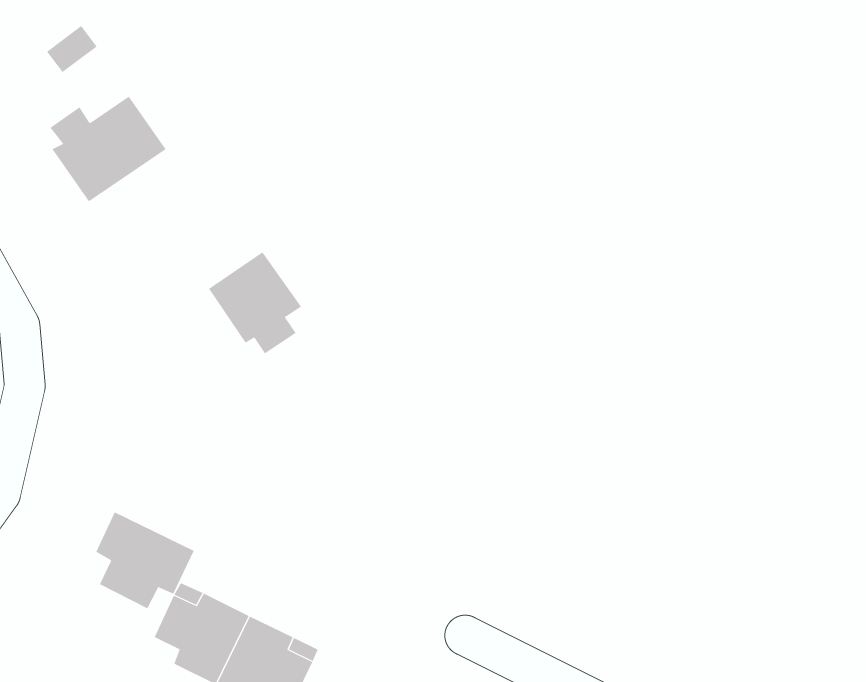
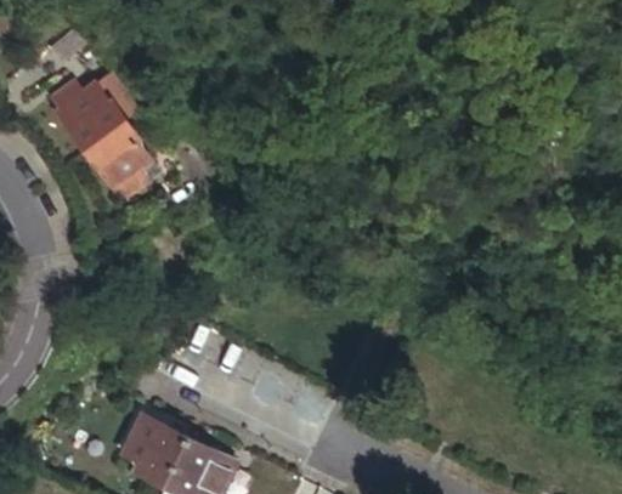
building: [208,252,302,354] -> [79,126,143,197]
building: [95,512,194,609] -> none

